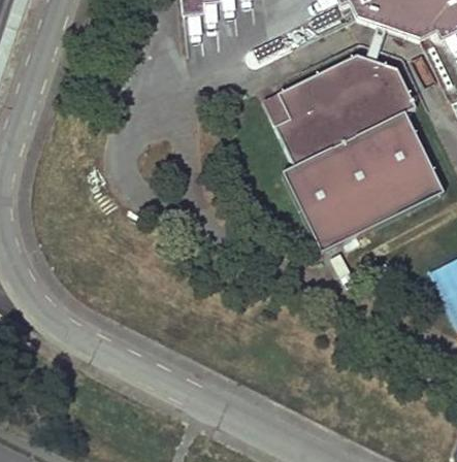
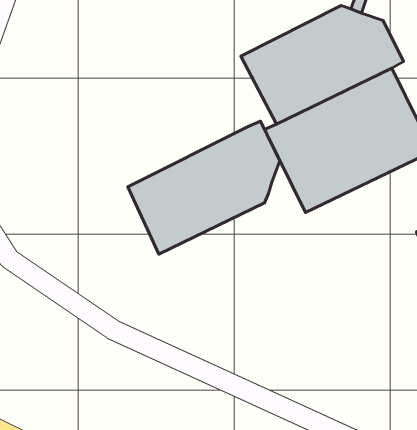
building: none -> [128,121,280,254]

